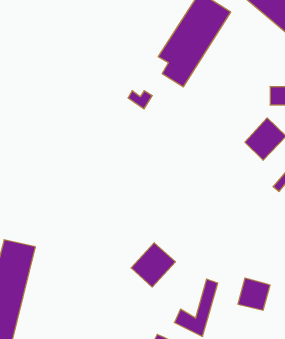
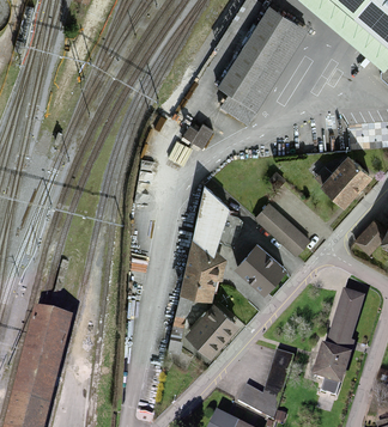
building: none -> [168,188,240,350]
building: none -> [254,202,307,251]
building: none -> [237,246,286,294]
building: none -> [326,293,362,354]

